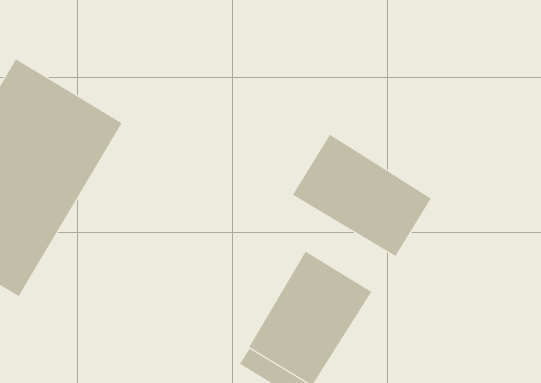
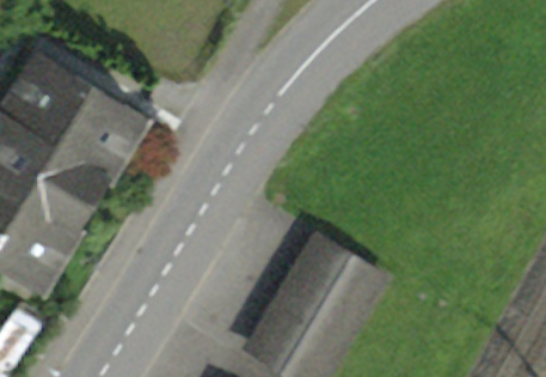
building: [292,134,432,257] -> none

